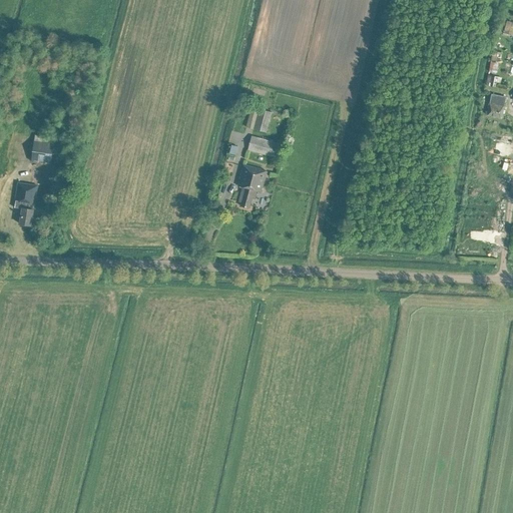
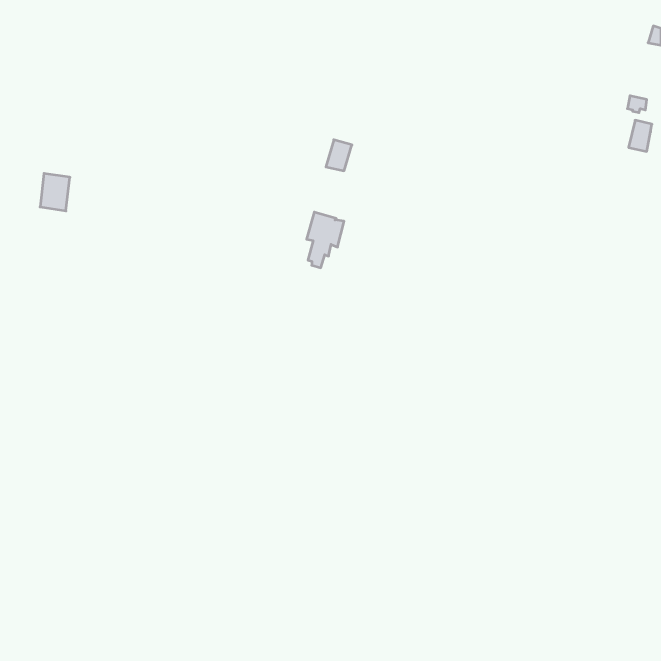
building: [247,135,279,157] -> none
building: [14,182,37,225] -> none

